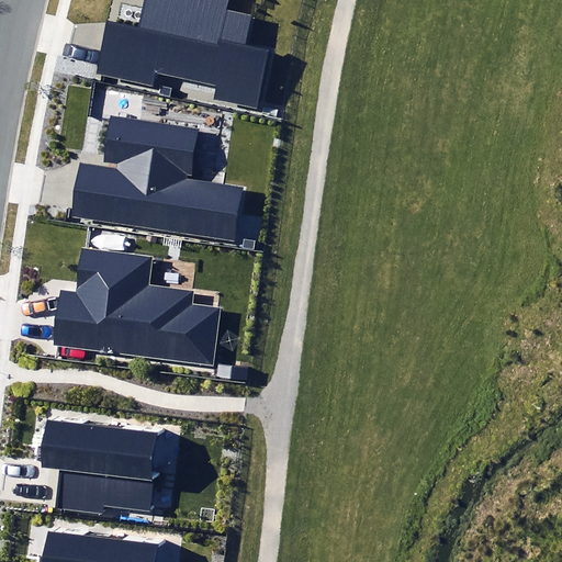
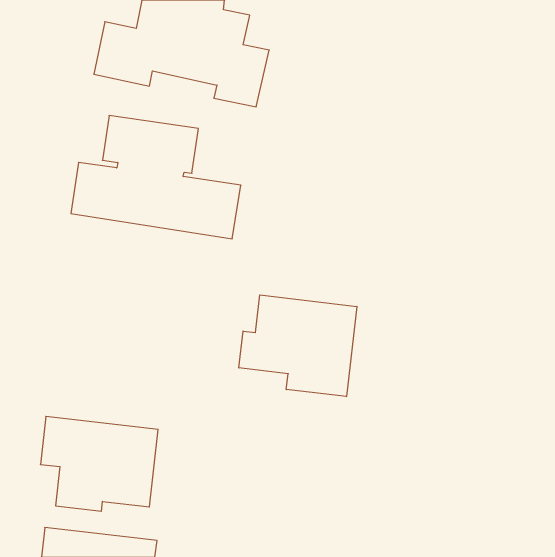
building: [53,249,221,364] -> none
building: none -> [239,295,357,397]

